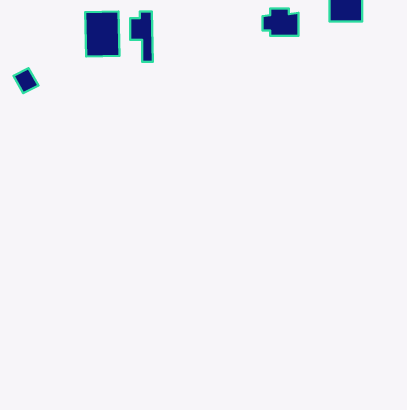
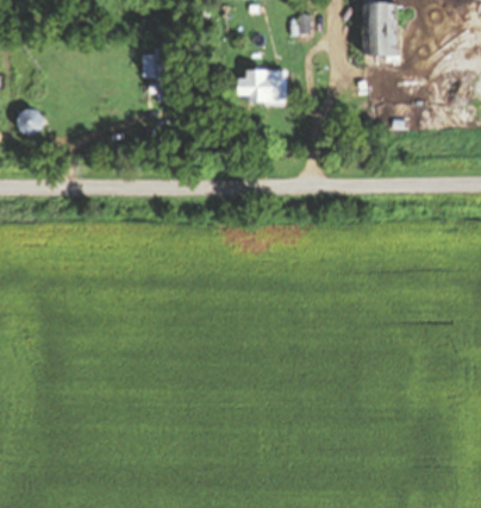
building: [263,9,299,36] -> [238,70,277,100]
building: [85,12,120,56] -> none

